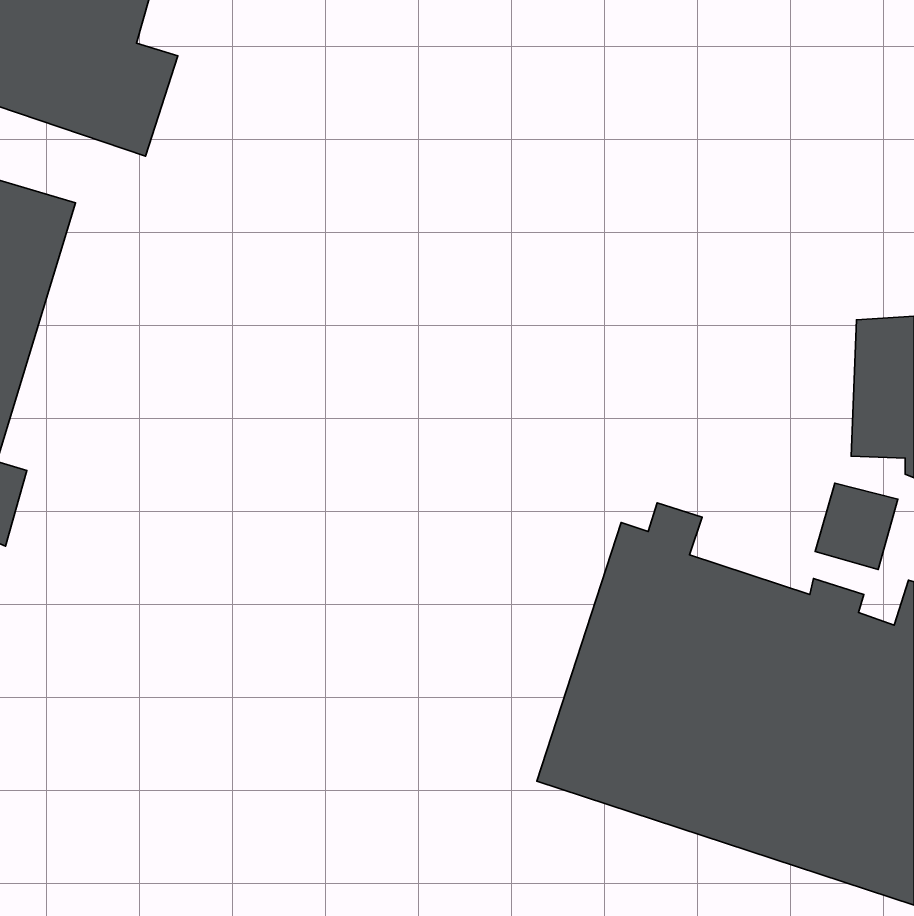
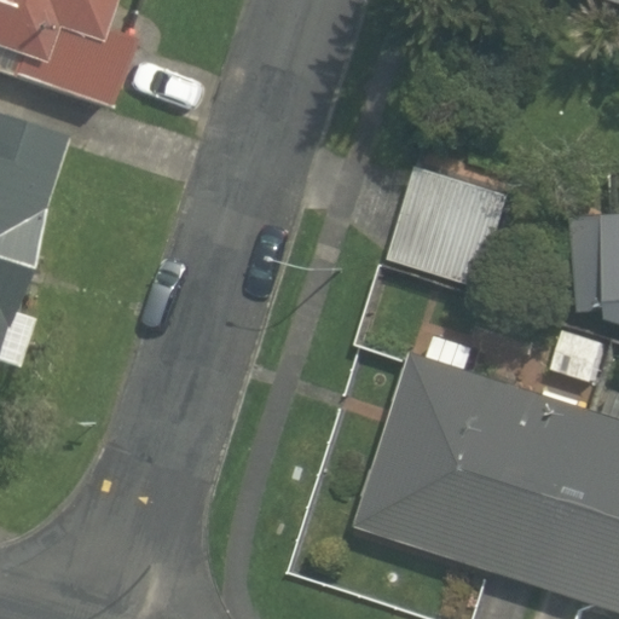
building: none -> [391,162,513,288]

